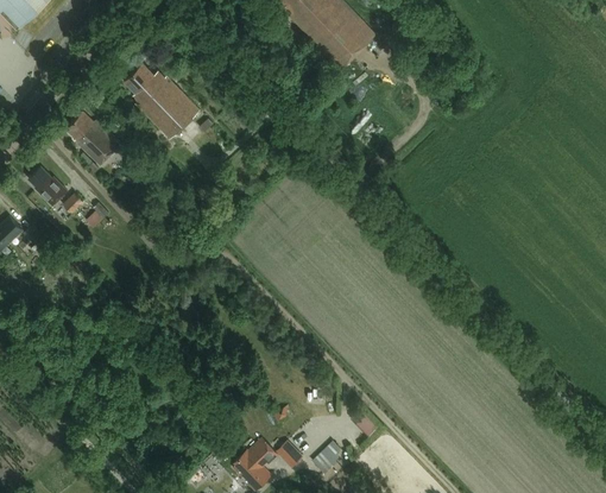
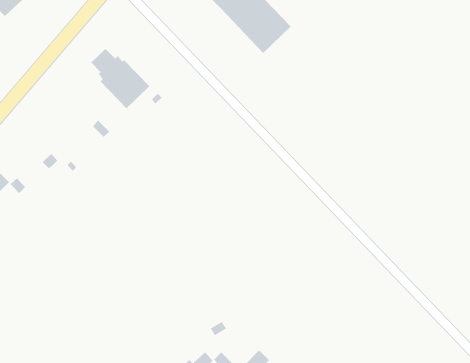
building: [67,112,121,166] -> none
building: [29,166,67,204] -> none

